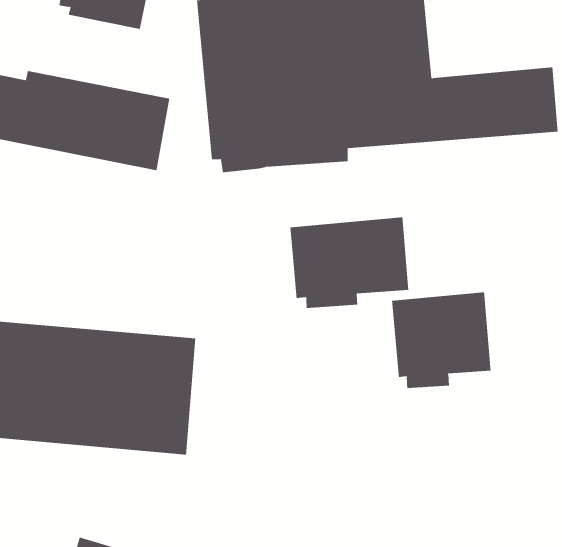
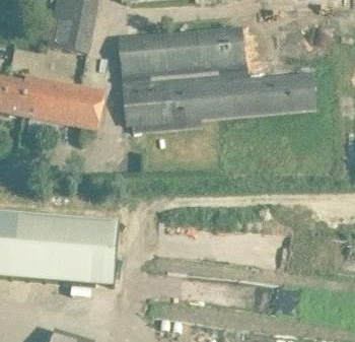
building: [290,217,409,309] -> none
building: [392,292,491,389] -> none

